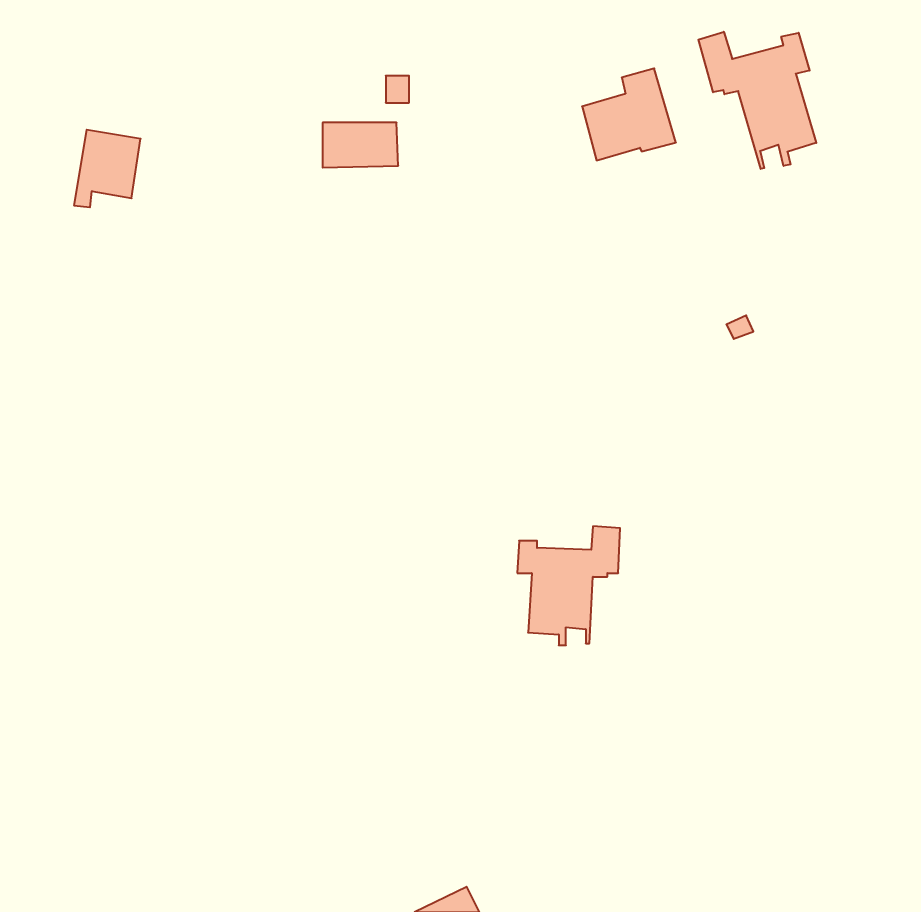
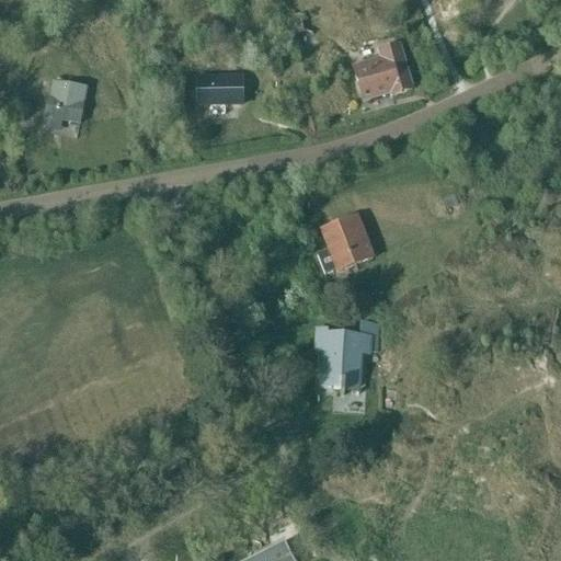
building: [698,32,816,169] -> none
building: none -> [317,214,373,272]

